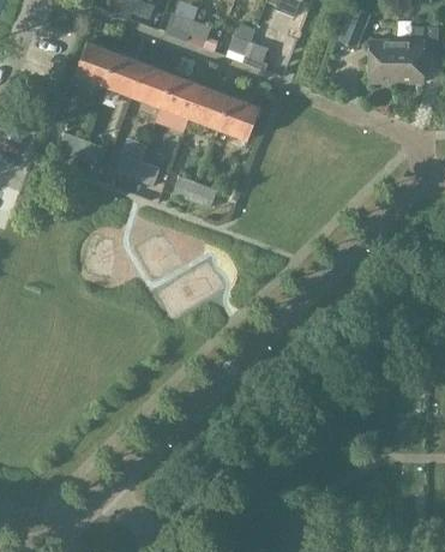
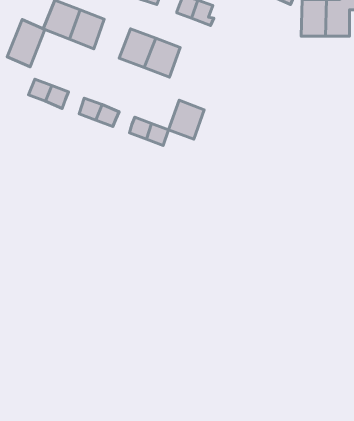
building: [130,62,172,107] -> none
building: none -> [7,20,45,67]
building: [216,95,257,139] -> [169,100,204,139]

